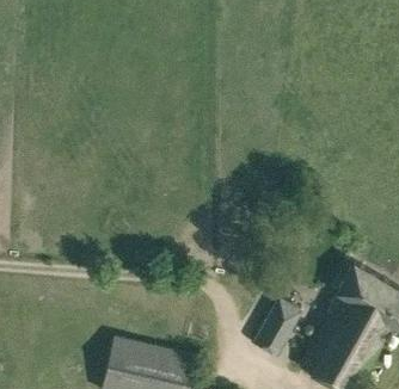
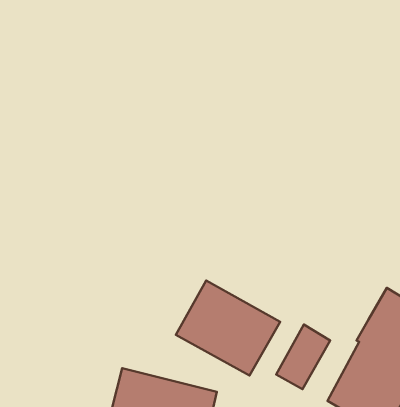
building: none -> [176,281,280,376]

